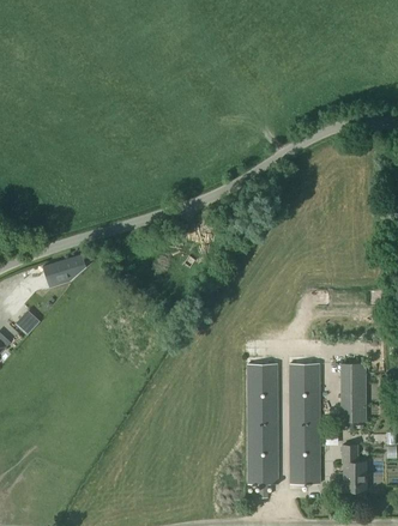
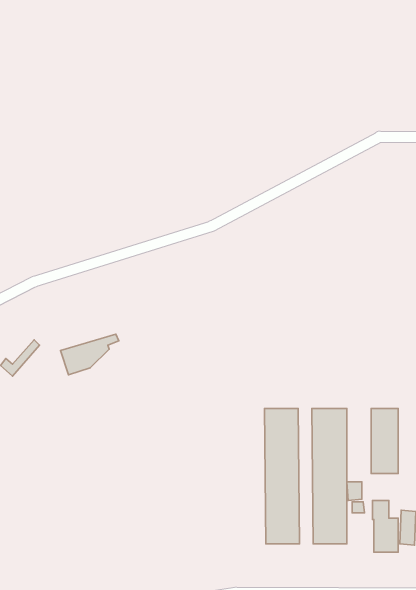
building: [43,253,95,289] -> [60,334,119,375]

